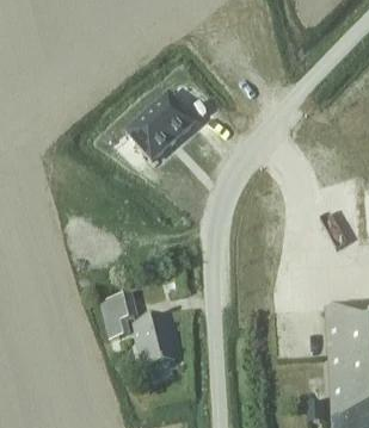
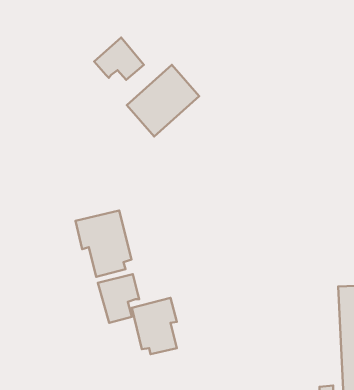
building: none -> [94,37,144,80]
building: none -> [76,211,131,277]

